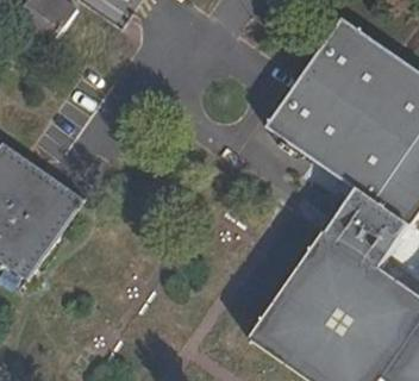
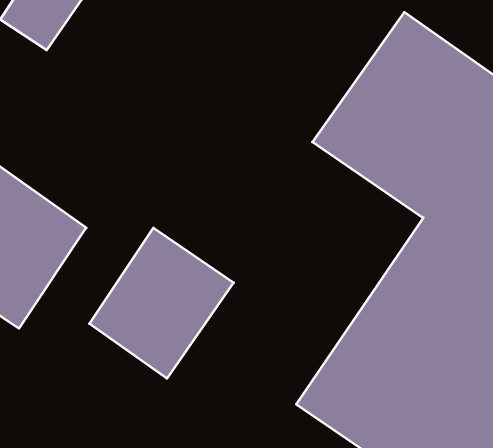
building: none -> [89,228,234,378]

